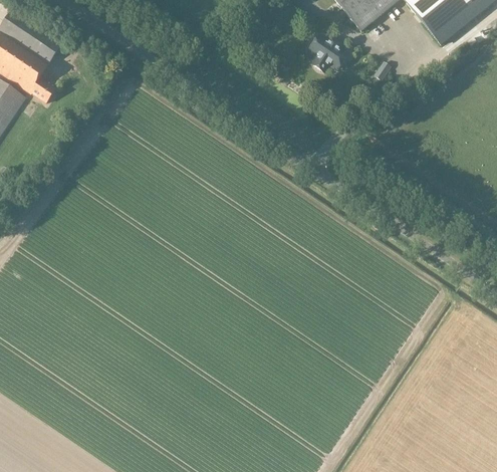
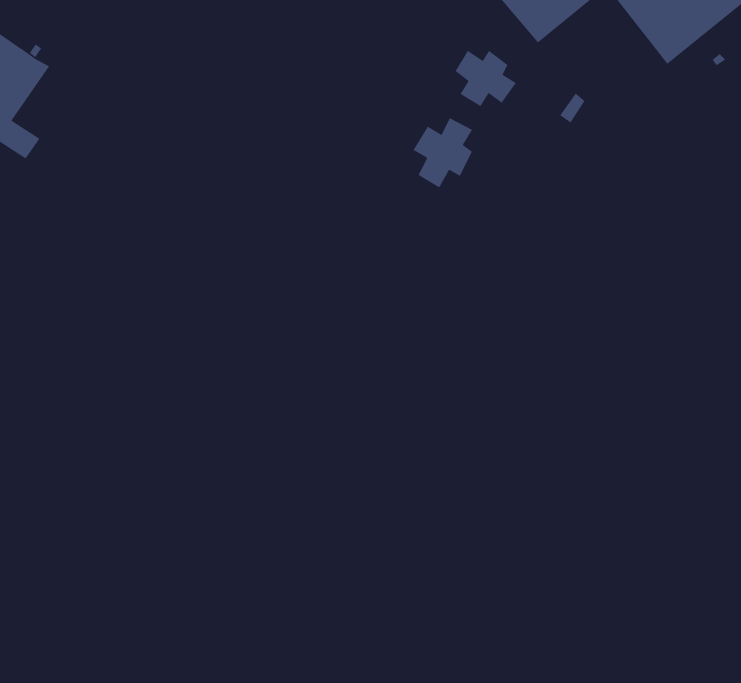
building: none -> [412,117,473,188]

